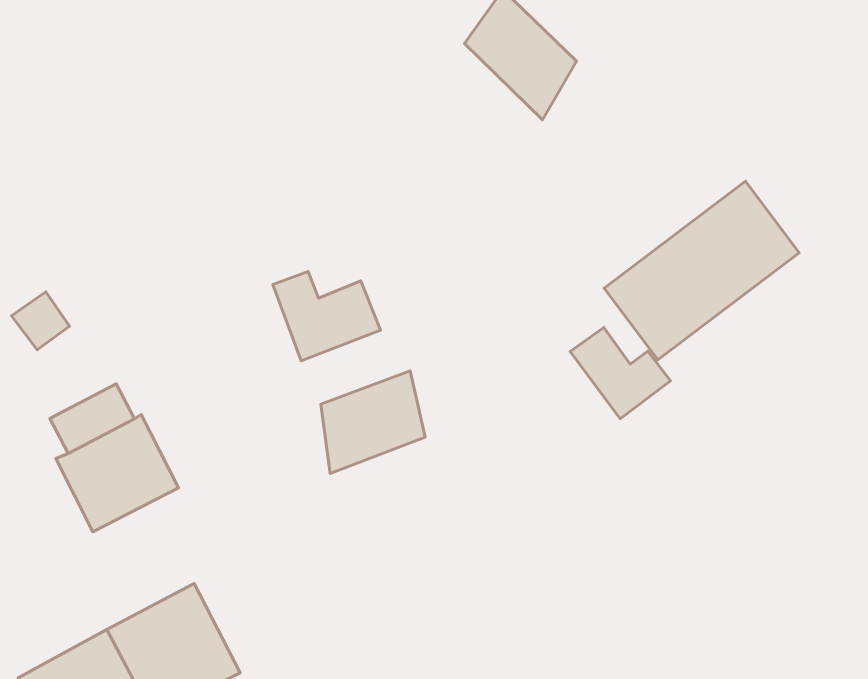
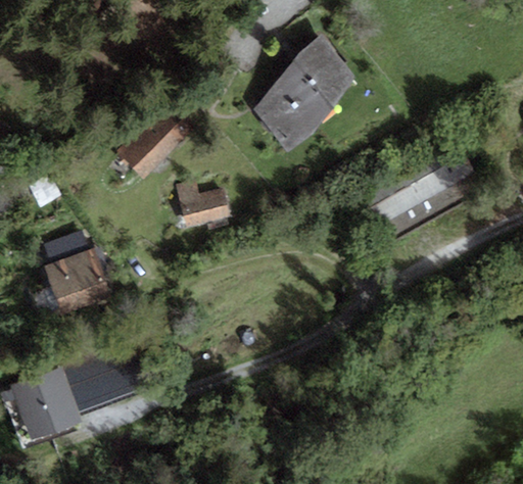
building: none -> [252,62,334,154]
building: none -> [114,102,189,177]
building: [570,328,670,419] -> none
building: [321,371,425,473] -> none

